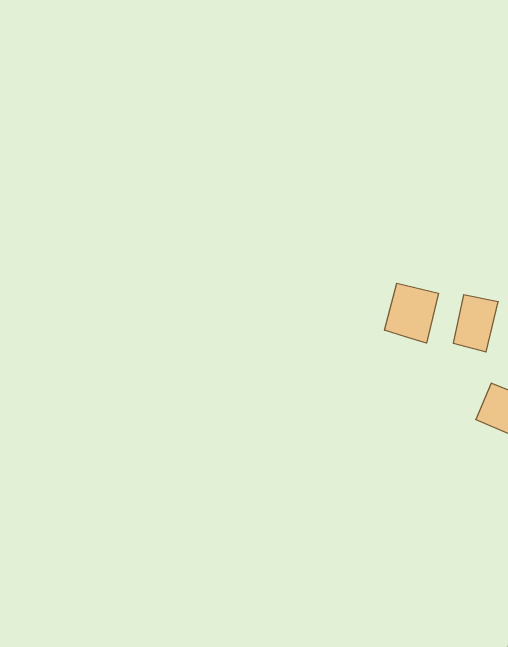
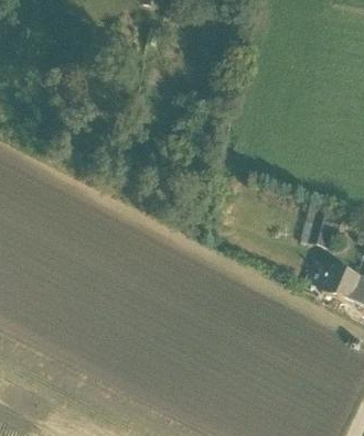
building: [385,283,438,343] -> none

